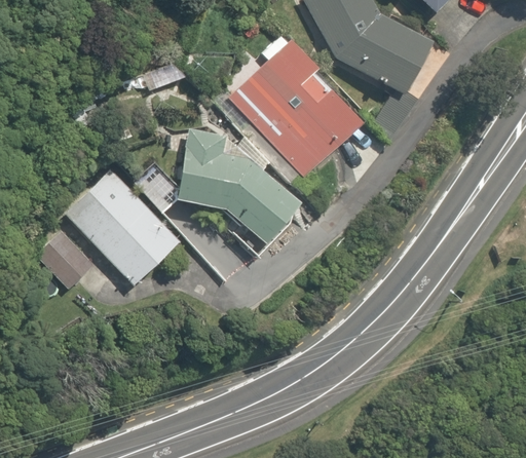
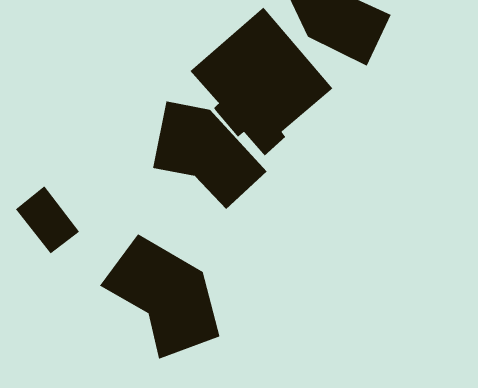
building: [68,162,187,287] -> none
building: none -> [99,233,220,360]

